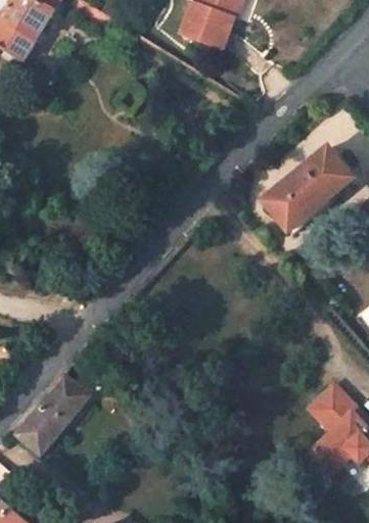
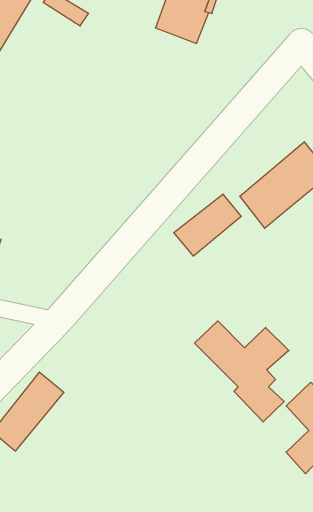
building: none -> [174,194,241,256]
building: none -> [195,321,289,422]

